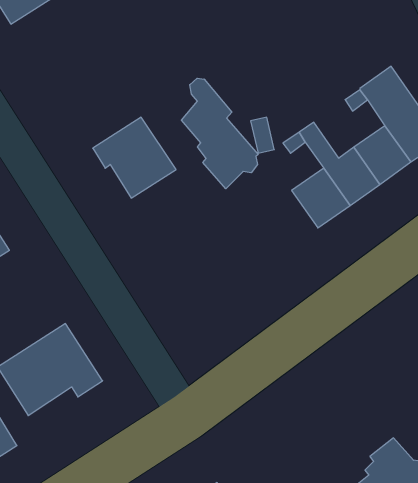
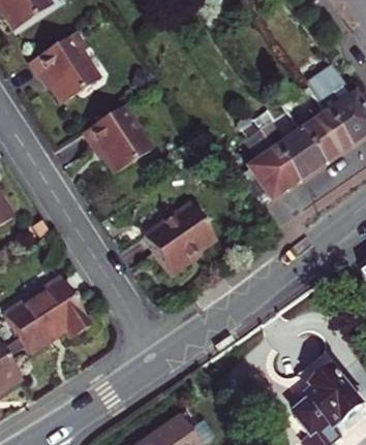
building: none -> [29,32,98,102]
building: [181,78,258,189] -> none
building: none -> [142,201,214,275]

